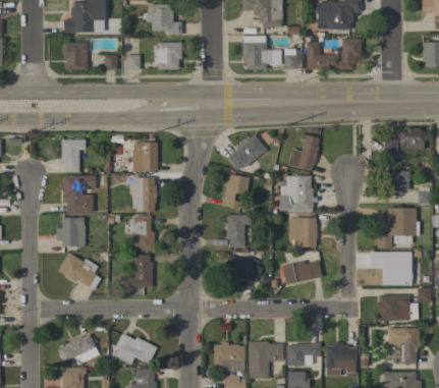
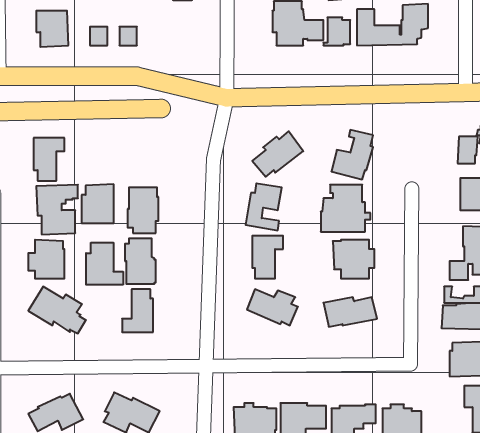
building: [154,42,181,69] -> none
building: [132,142,157,171] -> [82,184,114,223]
building: none -> [86,243,123,285]

